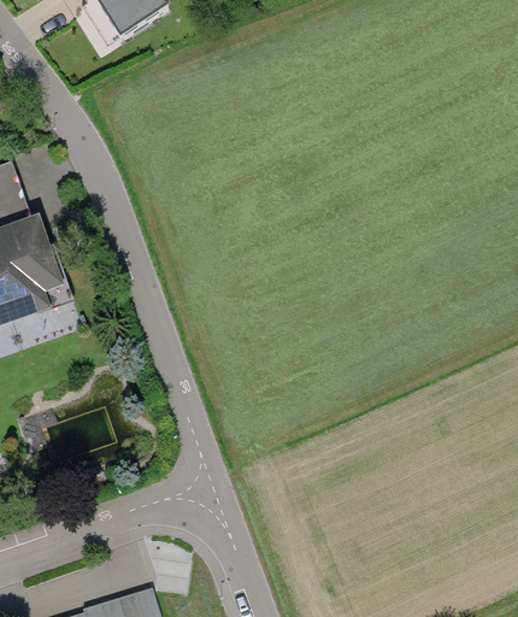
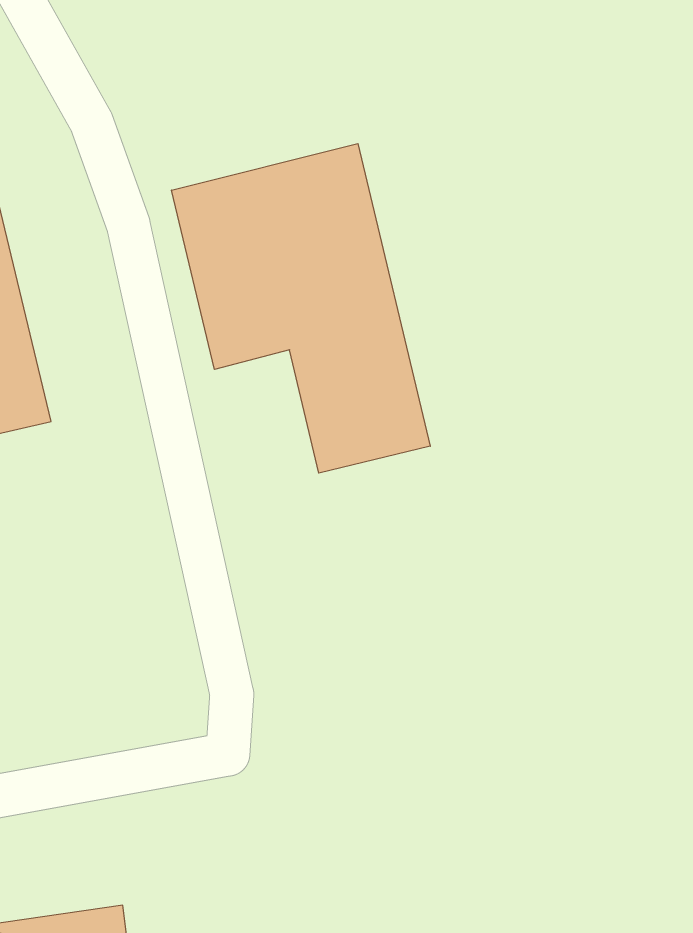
building: none -> [172,144,430,473]

